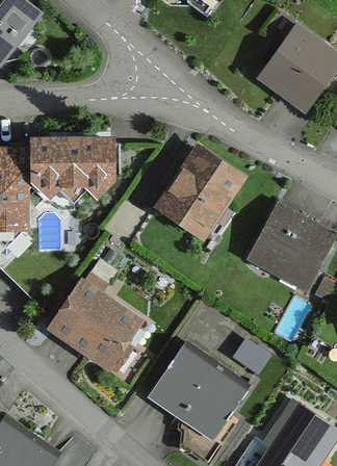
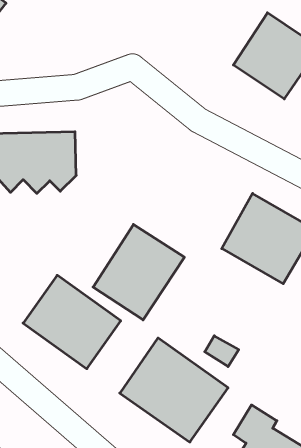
building: [160,144,250,237] -> [93,224,184,320]

